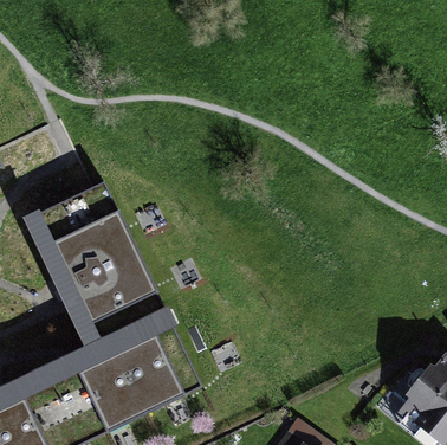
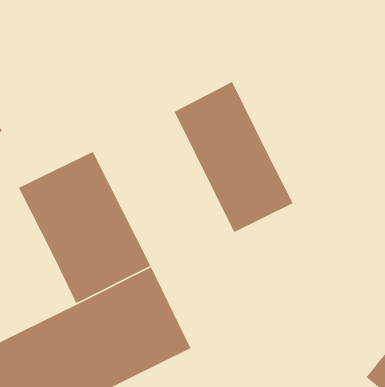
building: none -> [173,81,294,233]

